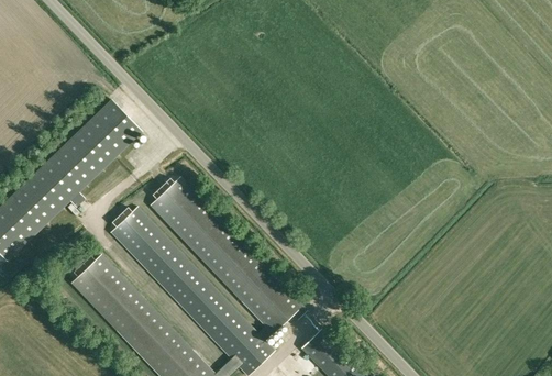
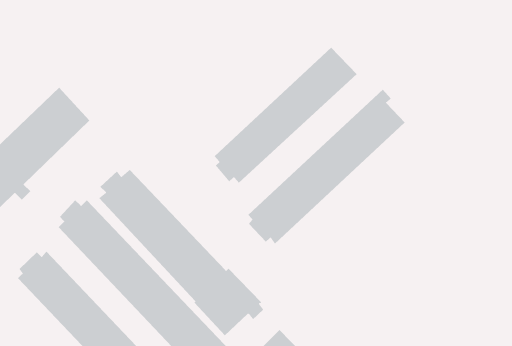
building: none -> [214,47,357,184]
building: none -> [247,89,405,244]

